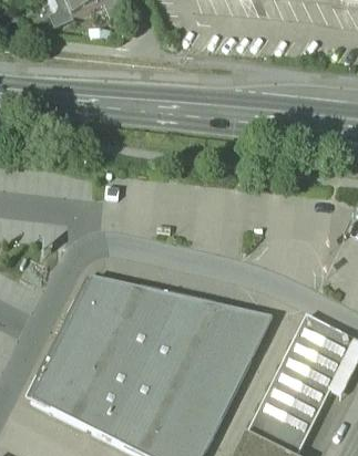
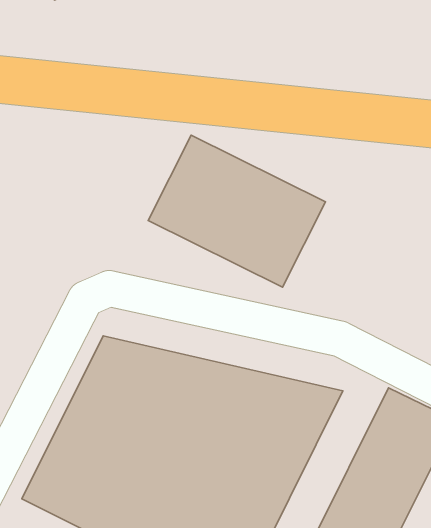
building: none -> [148,135,326,287]

